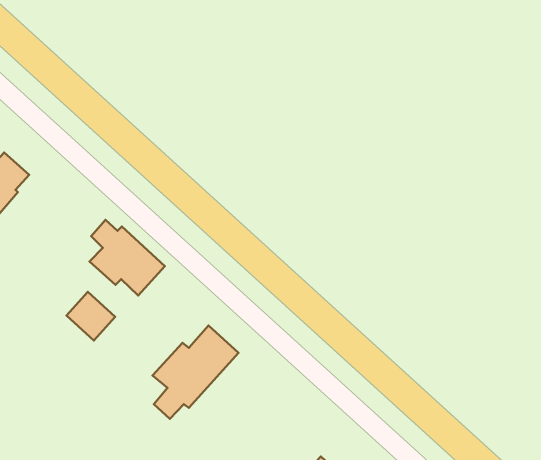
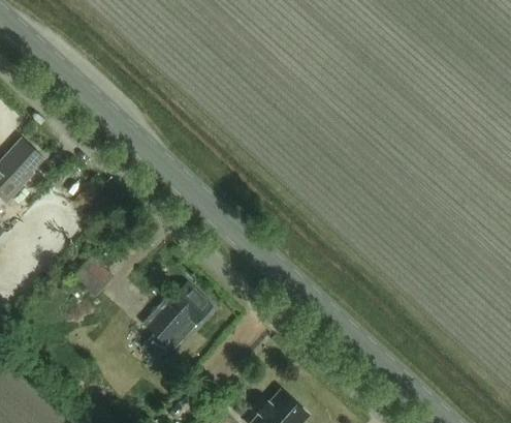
building: [90,220,165,296] -> none

